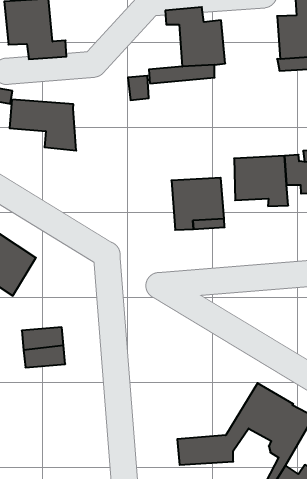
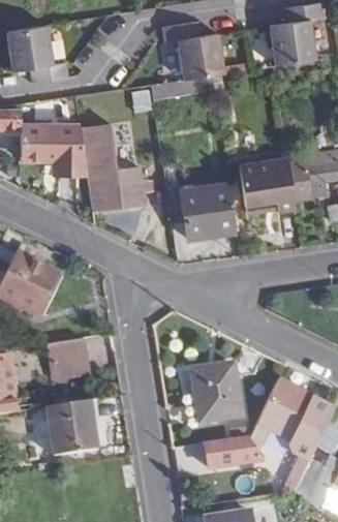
building: none -> [80,124,143,210]
building: none -> [191,363,242,422]
building: none -> [47,400,97,455]

